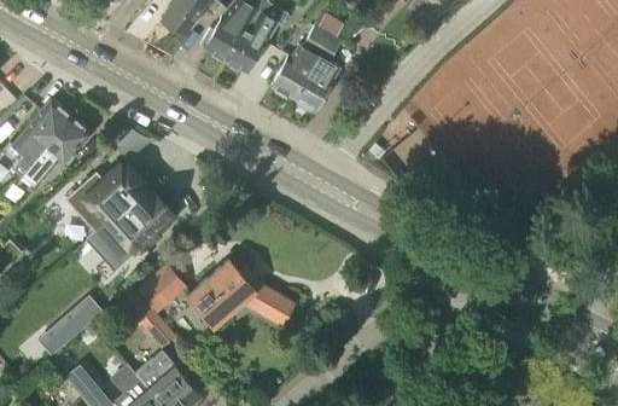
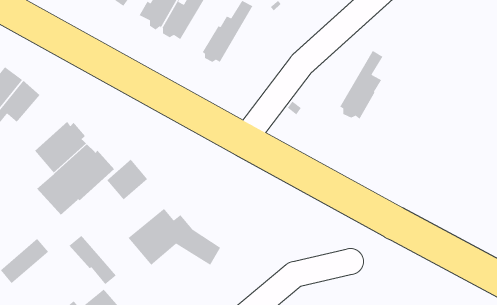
building: [292,33,342,111] -> [339,50,383,120]
building: [139,263,186,311] -> [106,159,148,201]

